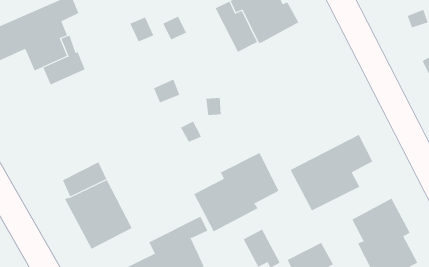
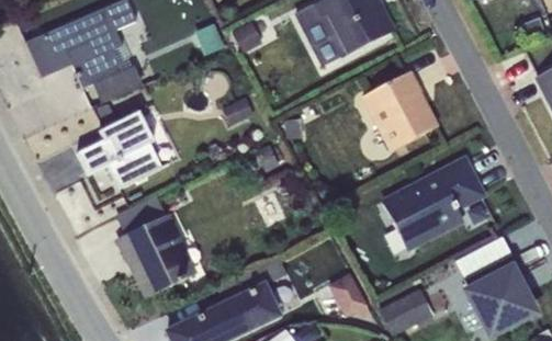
building: none -> [361,69,438,150]
building: none -> [78,111,162,186]
building: [193,152,279,232] -> none

